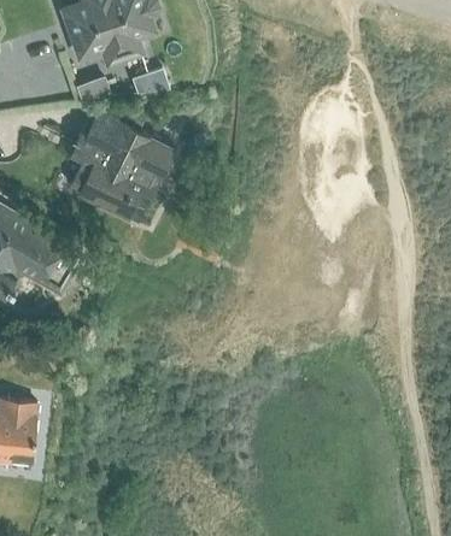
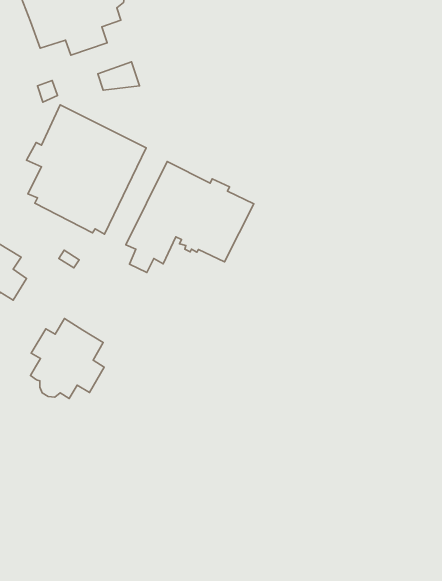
building: none -> [126,162,254,272]
building: none -> [31,318,104,398]

